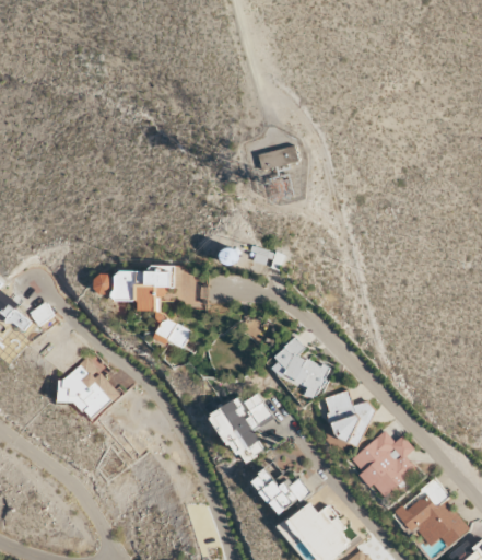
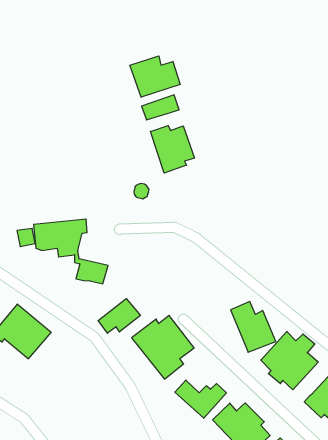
building: none -> [130,56,180,97]
building: none -> [150,126,194,173]
building: [271,337,326,400] -> none
building: none -> [98,299,140,333]

